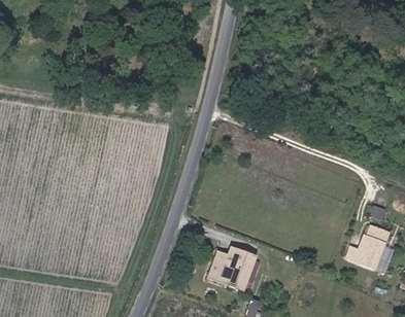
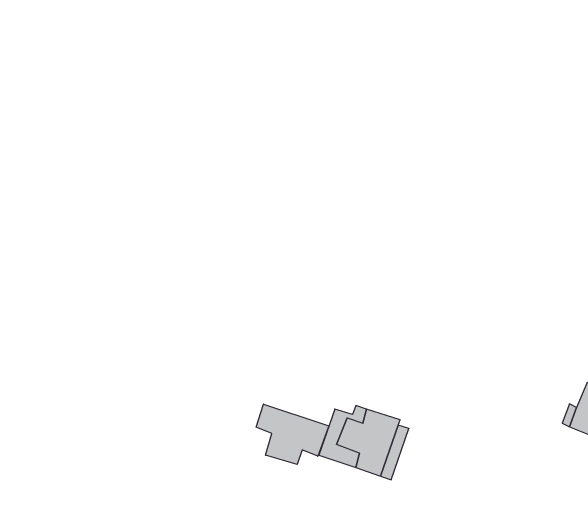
building: none -> [256,404,329,464]

